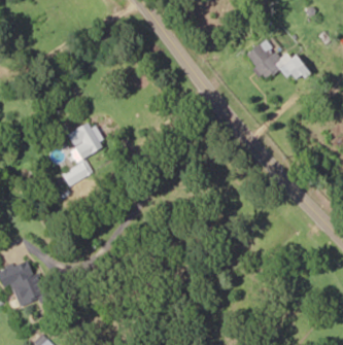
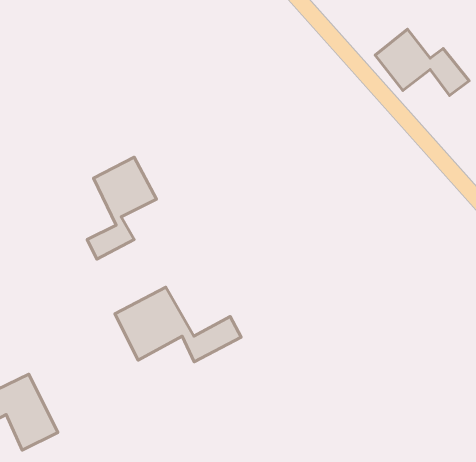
building: none -> [115,287,241,362]

